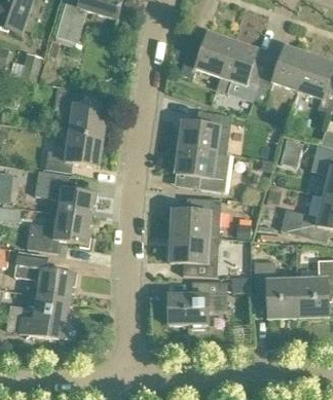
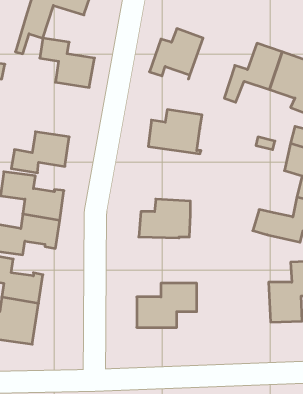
building: [216,41,263,100] -> none
building: [53,89,107,138] -> [40,38,95,87]
building: [175,147,229,192] -> none
building: [169,235,217,277] -> none
building: [253,261,298,320] -> none

